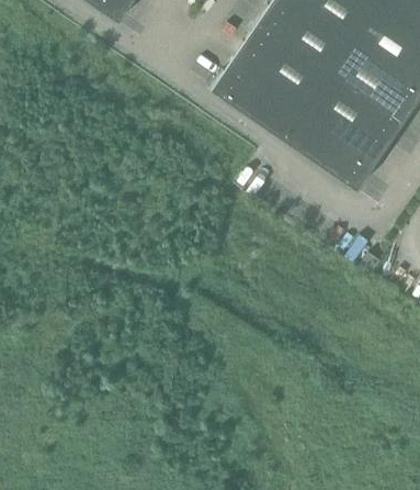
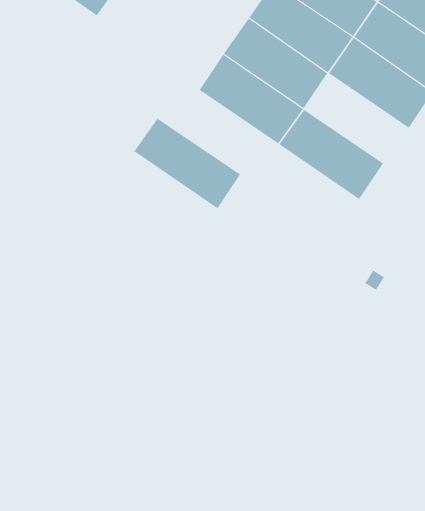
building: [306,74,401,156] -> none
building: none -> [134,118,241,209]

